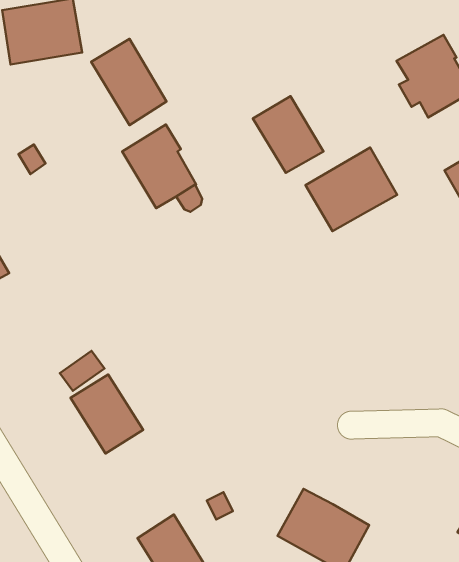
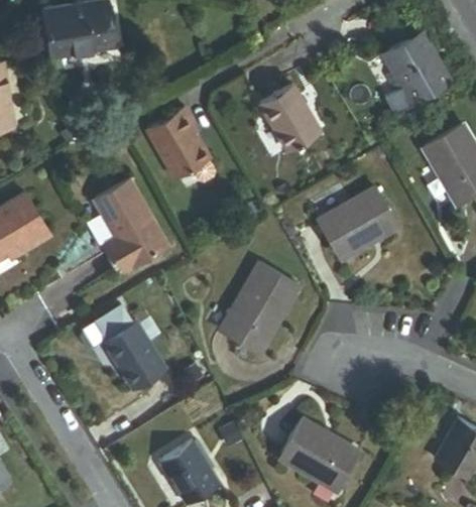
building: [91,39,166,125] -> none
building: [305,148,397,231] -> [318,187,396,259]
building: none -> [93,176,170,273]
building: none -> [220,264,299,354]

